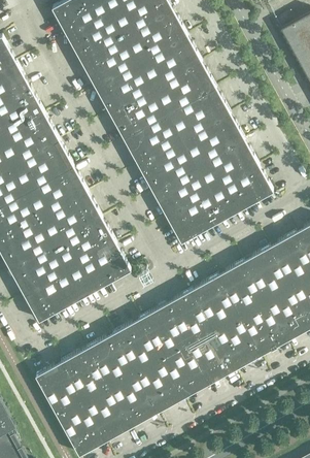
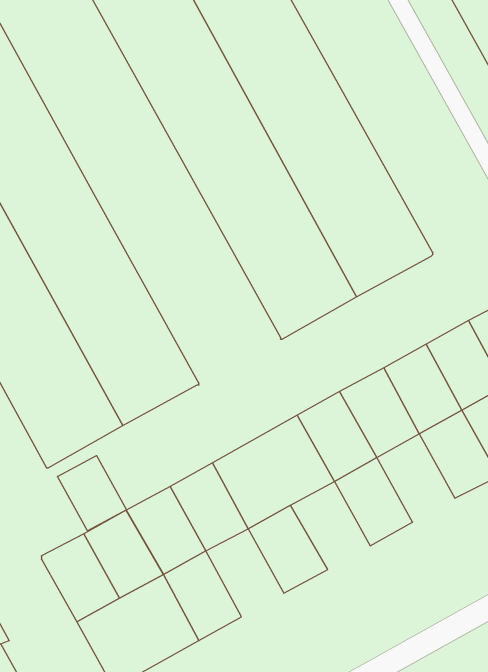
building: [239,300,286,354] -> none
building: none -> [57,456,127,531]
building: [186,329,235,383] -> none
building: [135,358,182,412] -> none

